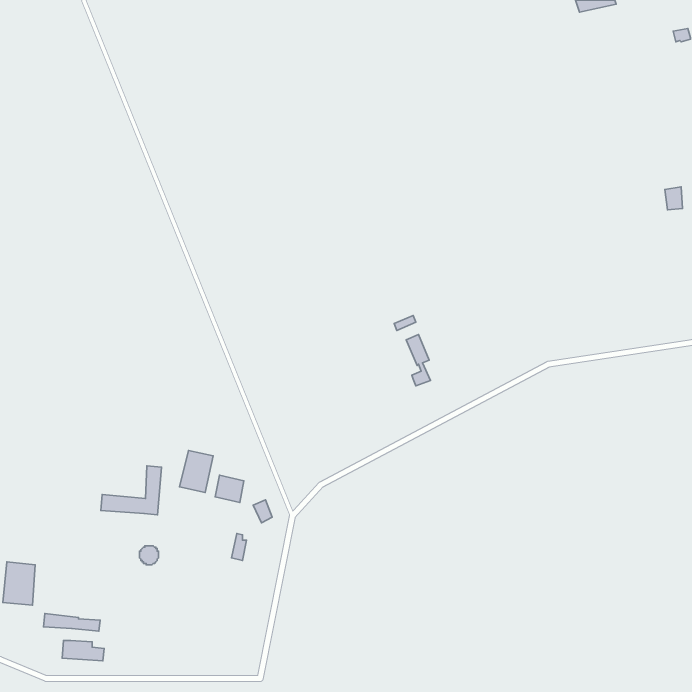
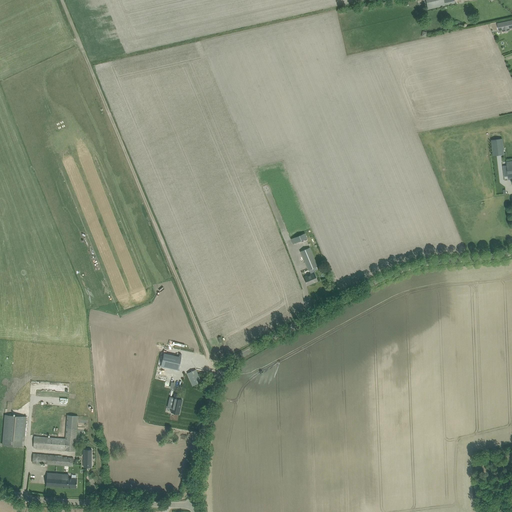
building: [180,451,213,493] -> none
building: [101,466,162,515] -> [33,415,78,451]

